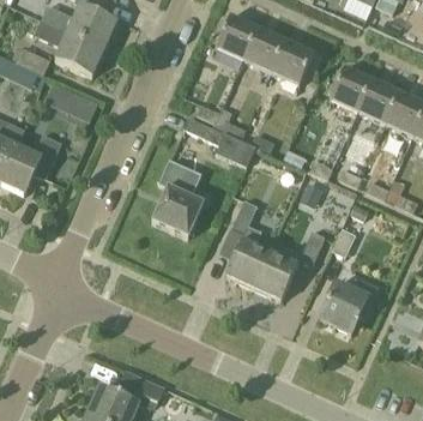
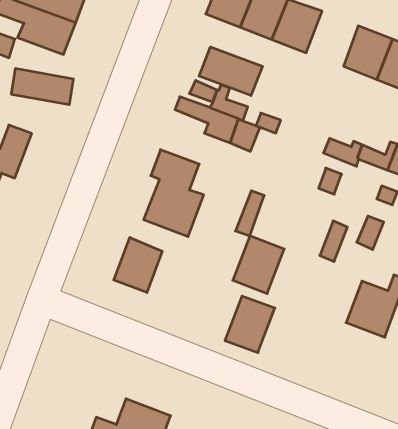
building: none -> [199,47,262,96]
building: none -> [114,237,162,293]
building: [253,252,297,301] -> [225,296,275,353]

